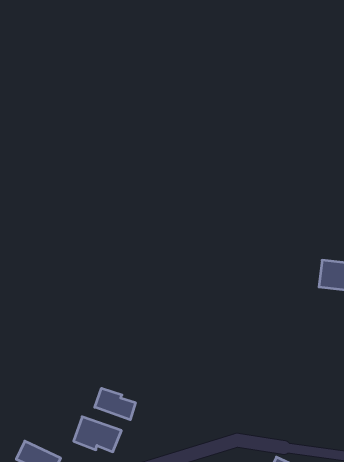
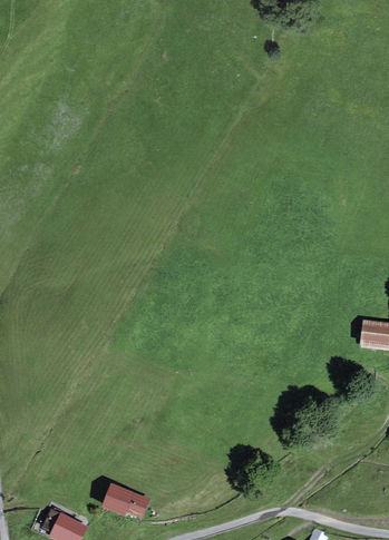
building: [95,388,135,420] -> none

